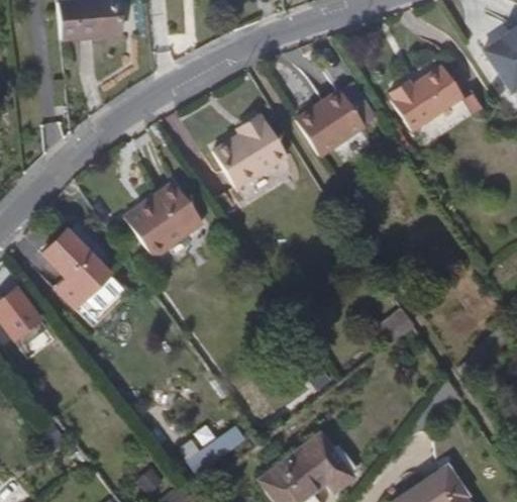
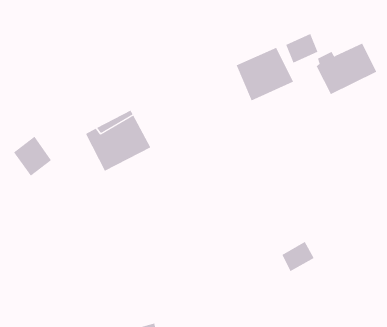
building: none -> [286,33,318,63]
building: [210,109,285,183] -> none
building: [61,258,112,311] -> none

